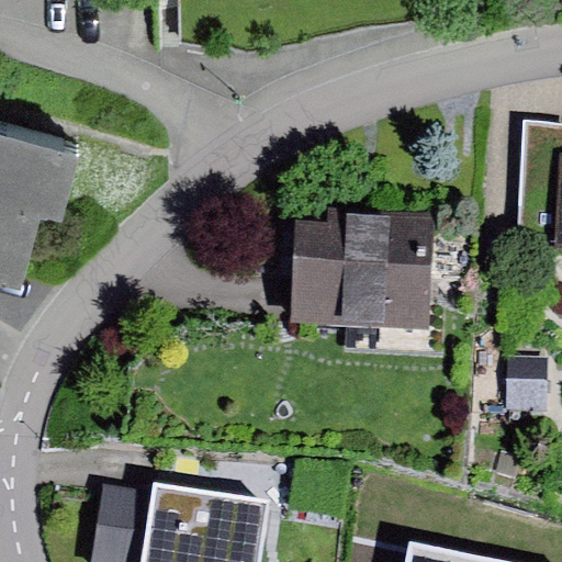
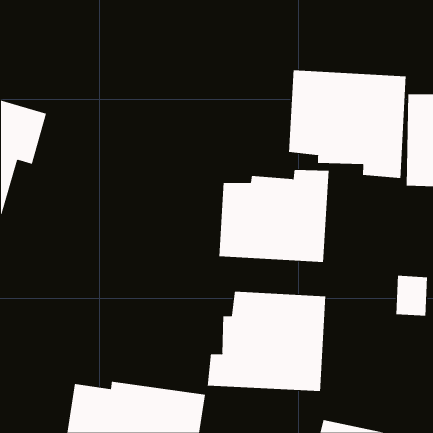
building: none -> [288,69,406,179]
building: none -> [207,291,326,392]

